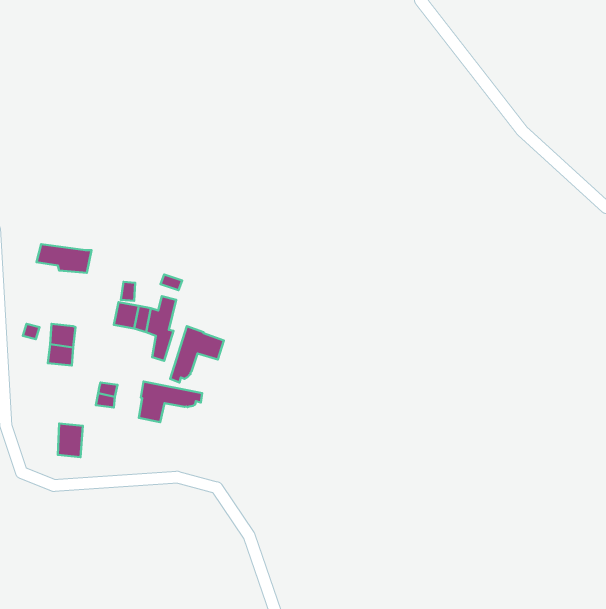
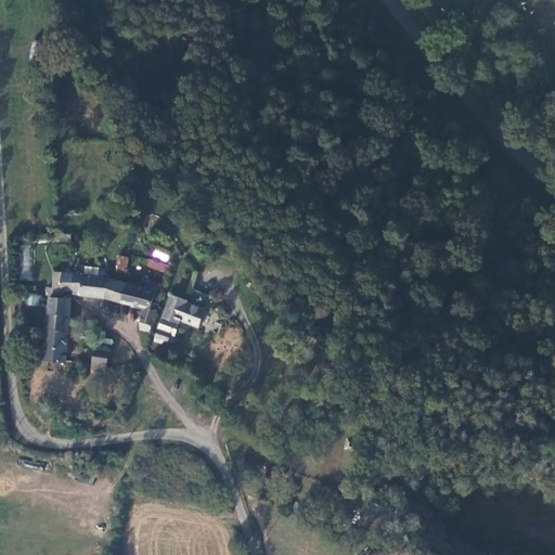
building: [36,244,92,273] -> [57,271,107,297]
building: [139,381,202,422] -> none
building: [58,424,83,457] -> [42,332,65,362]

